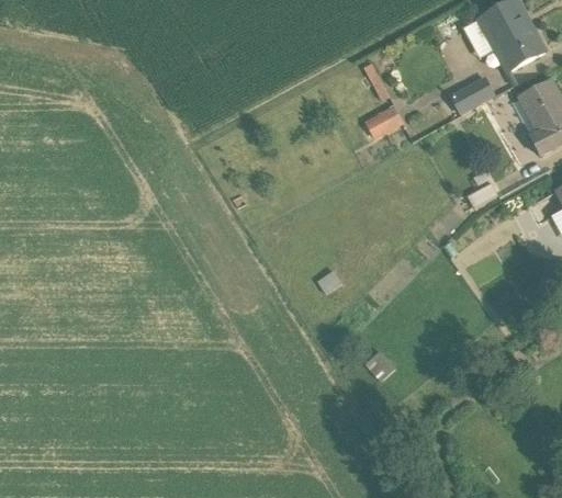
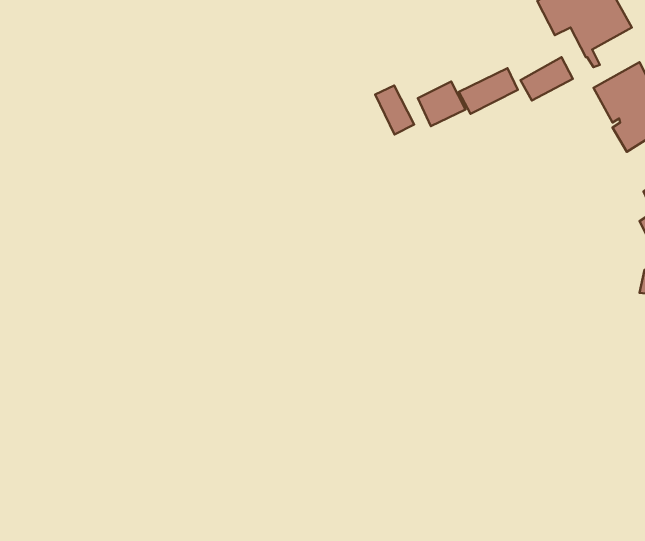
building: none -> [459,68,518,114]
building: none -> [375,85,414,135]

